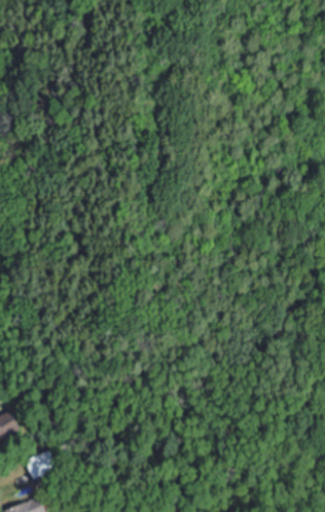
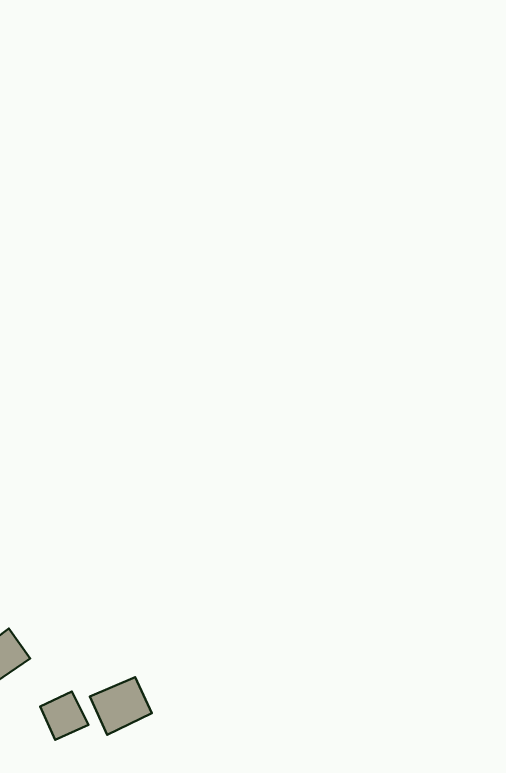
building: none -> [90,677,152,735]

